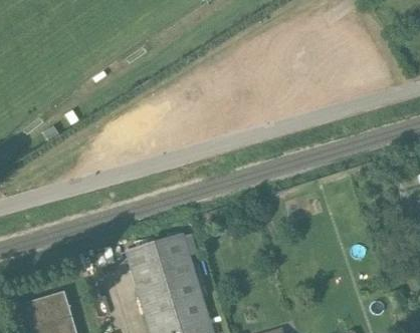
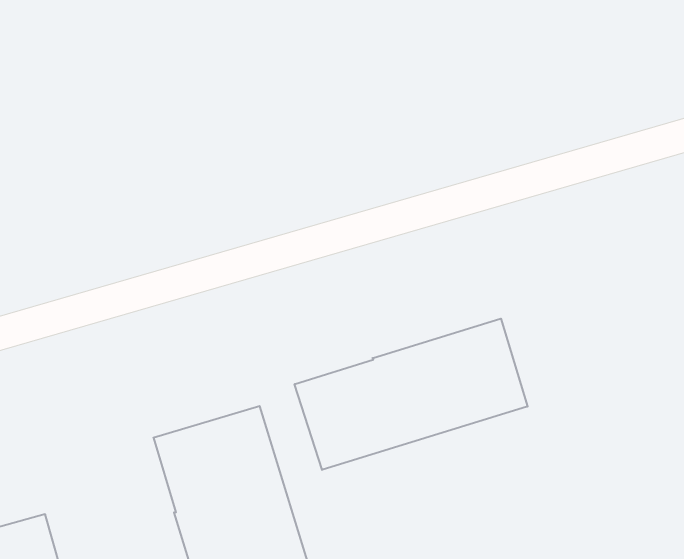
building: none -> [295,319,528,470]

